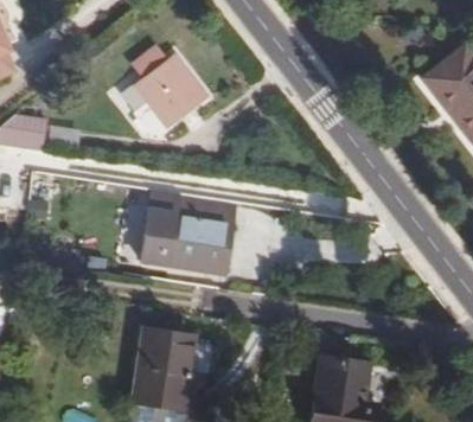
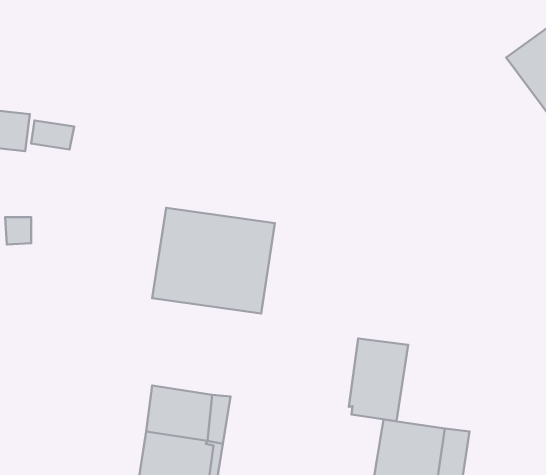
building: [133,52,205,128] -> none
building: none -> [349,339,408,421]

